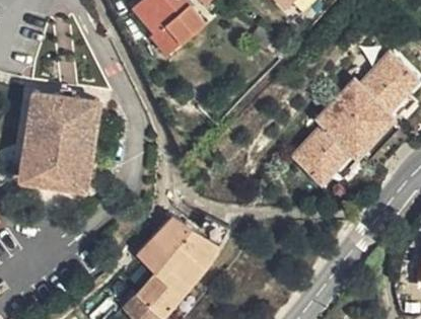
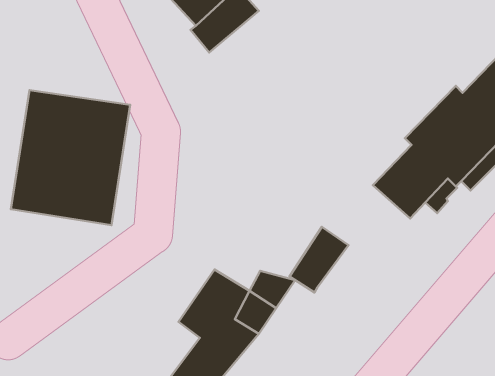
building: none -> [289,227,349,293]

